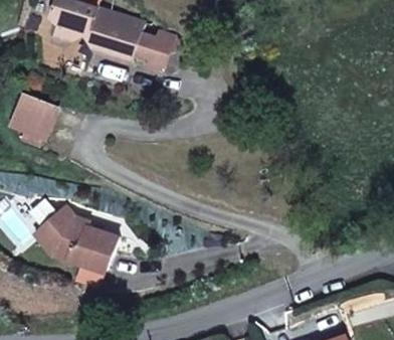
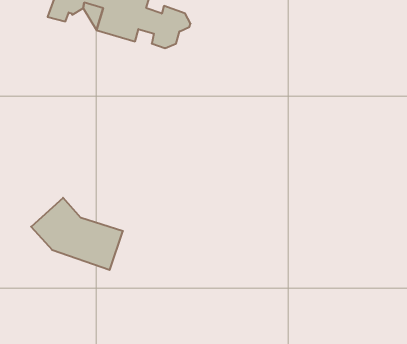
building: [11,92,56,135] -> none

